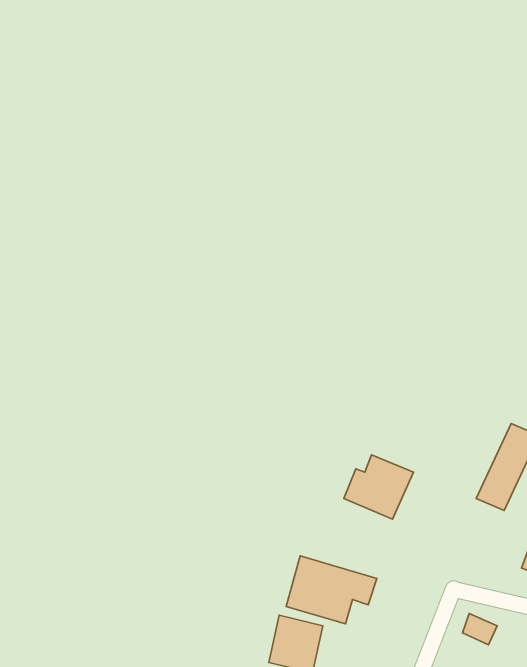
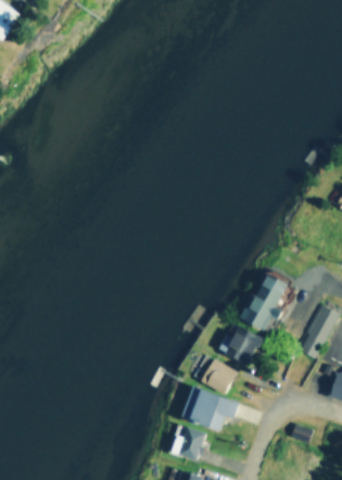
building: none -> [242,273,288,330]
building: none -> [201,358,237,394]

